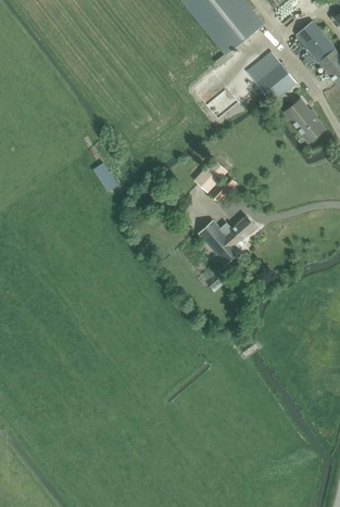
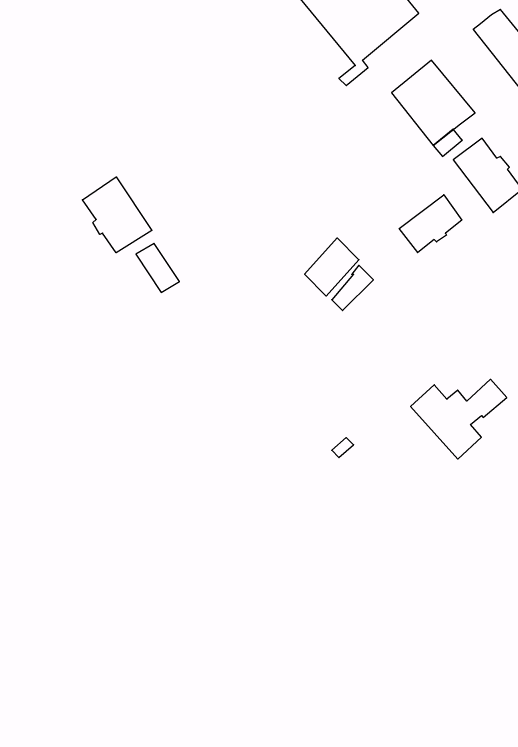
building: none -> [82,177,152,253]
building: none -> [399,195,462,253]
building: [198,216,255,264] -> [411,379,507,459]

